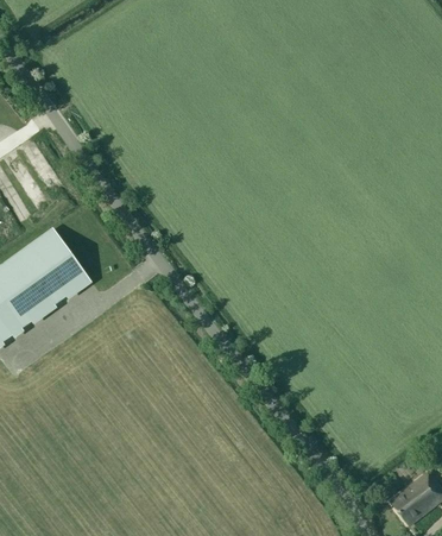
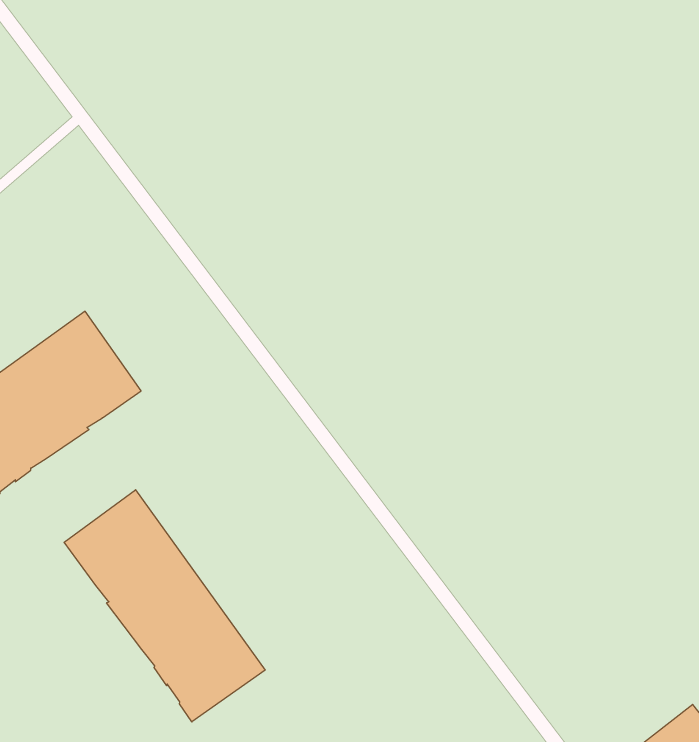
building: none -> [64,490,265,722]

